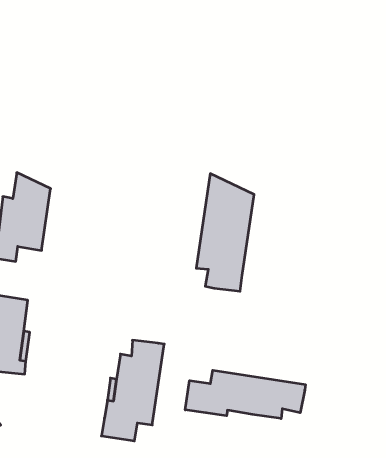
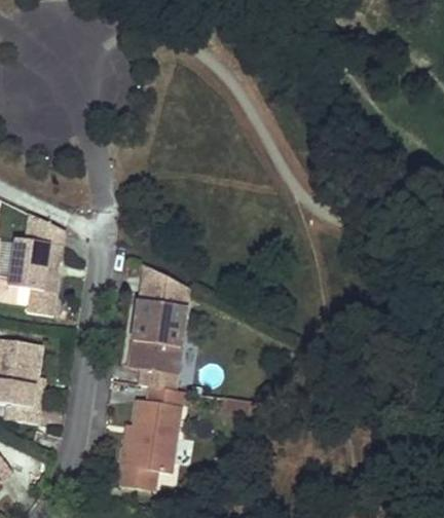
building: [196,174,254,291] -> [130,268,189,390]
building: [185,370,305,419] -> none

